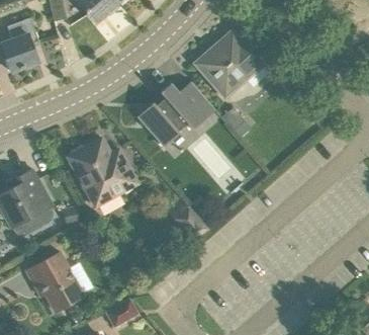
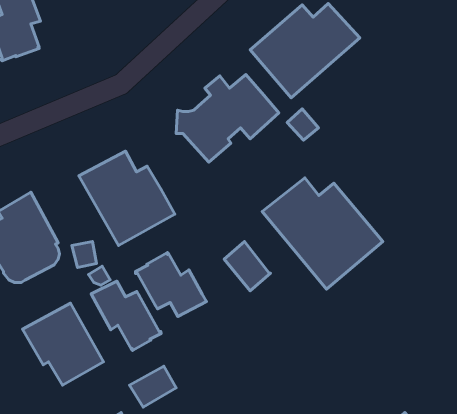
building: none -> [262,178,383,289]
building: none -> [135,253,207,317]
building: none -> [91,281,161,350]

